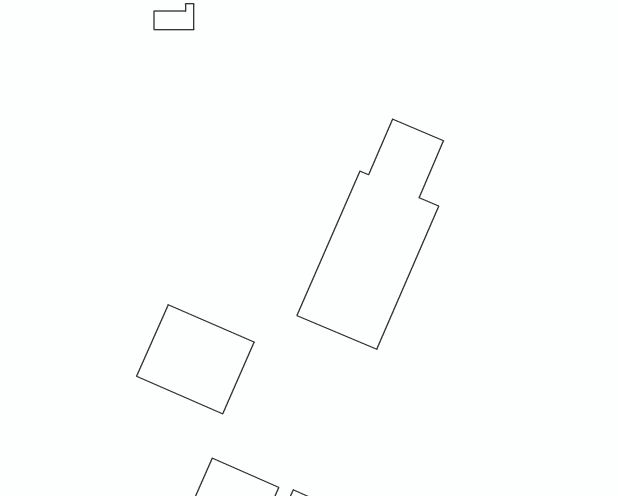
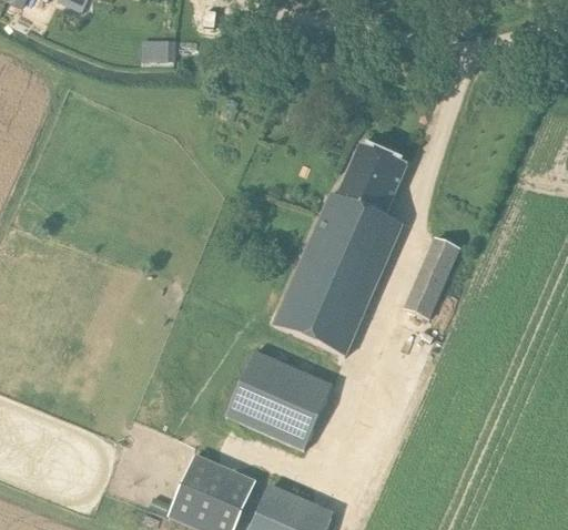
building: none -> [404,237,458,319]
building: [137,305,254,414] -> [224,349,332,449]

